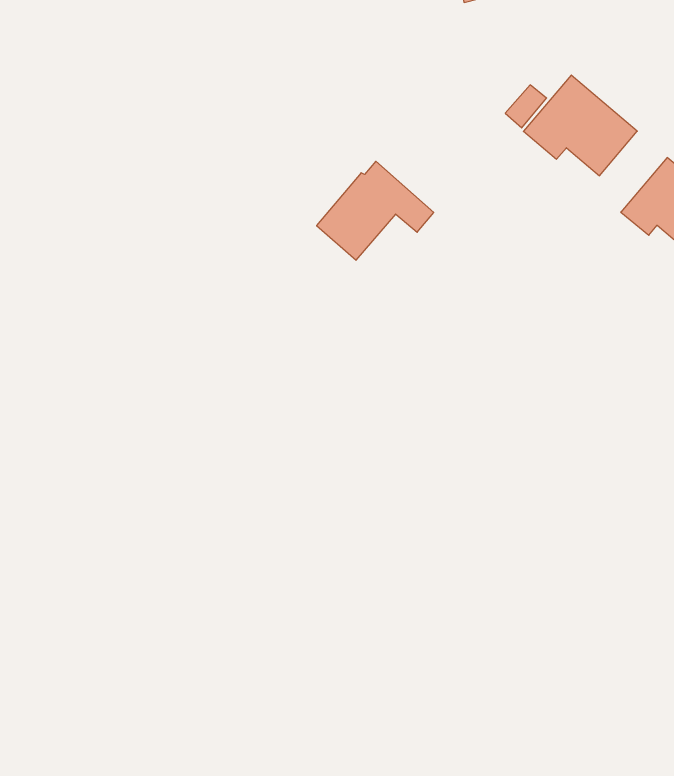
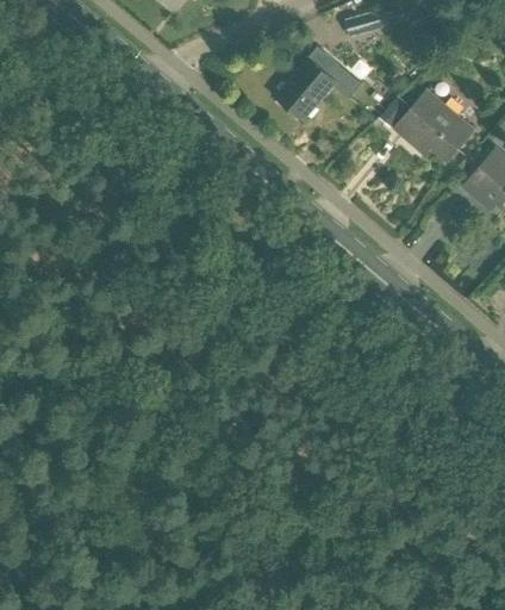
building: [317,161,434,260] -> [276,48,361,119]

